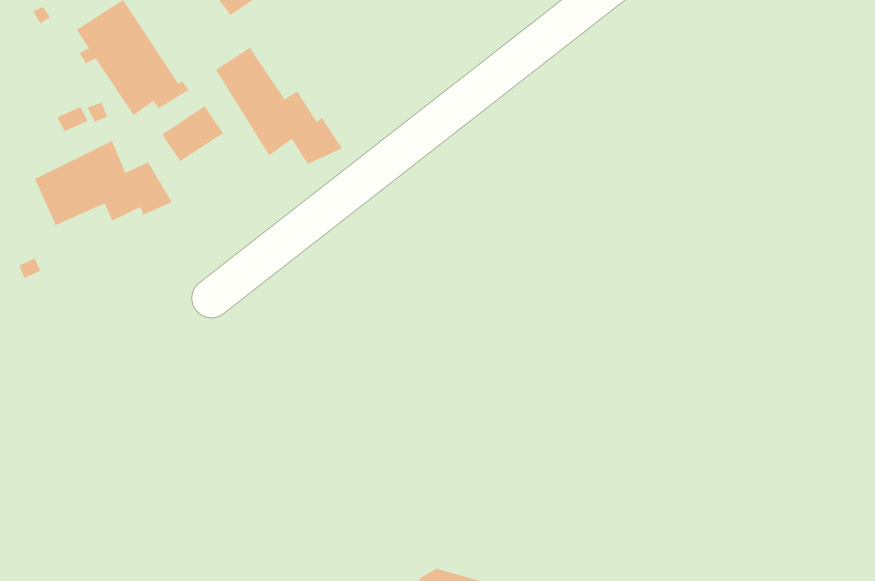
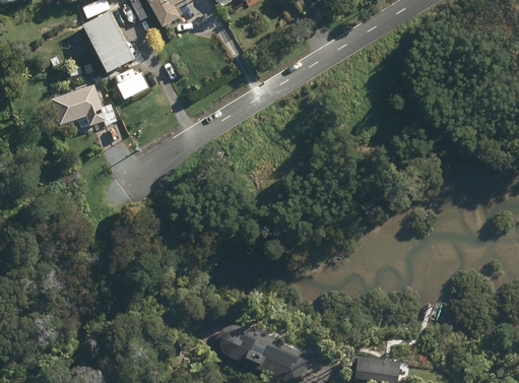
building: [215,47,343,164] -> none

